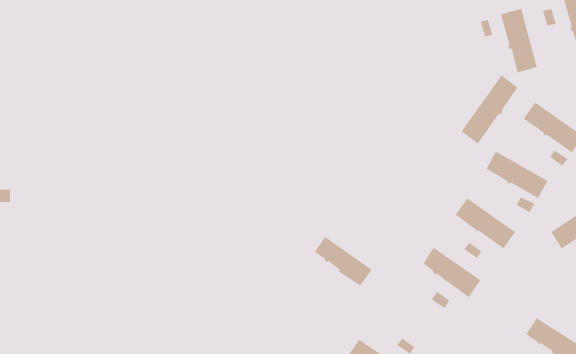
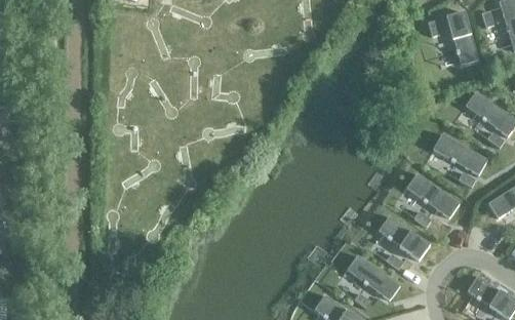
building: [461,74,518,144] -> none
building: [314,236,373,287] -> [349,256,399,299]

